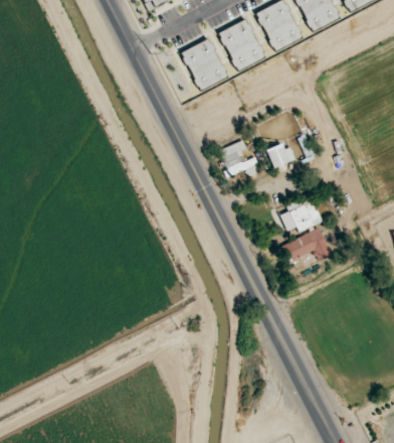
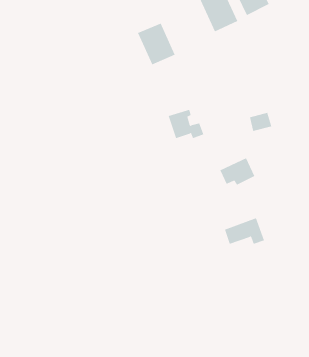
building: [219,19,264,69] -> none
building: [267,143,294,166] -> [249,112,272,132]
building: [282,229,331,261] -> [224,218,265,245]

